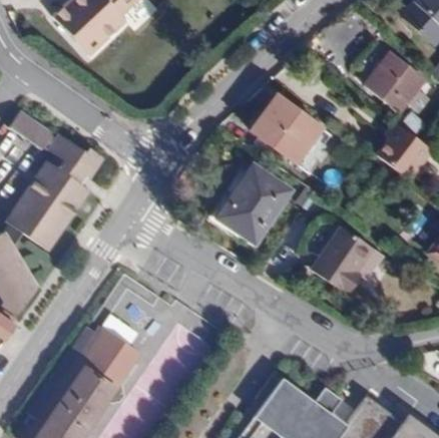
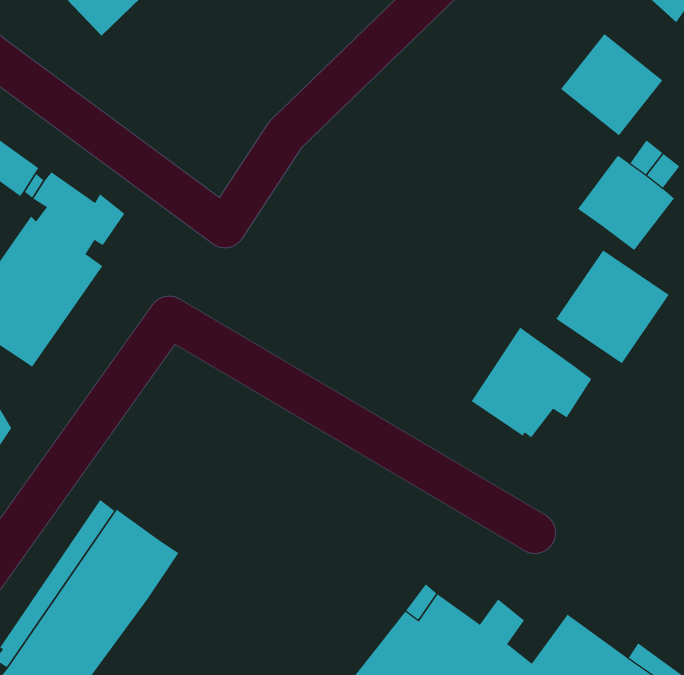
building: [252,99,329,171] -> none
building: [213,163,290,245] -> none
building: none -> [555,250,670,364]

